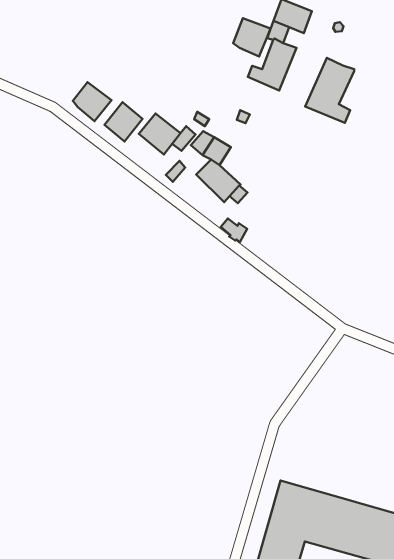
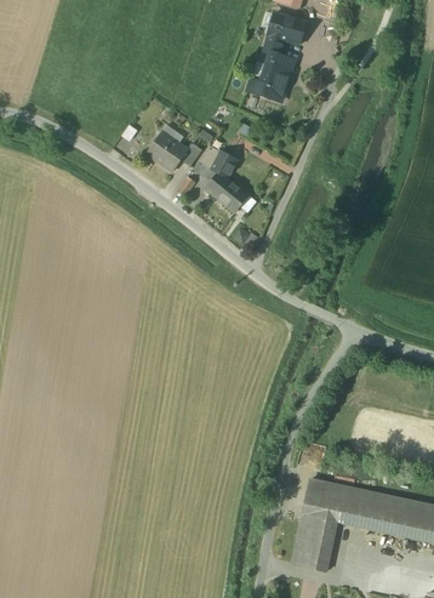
building: [233,18,271,56] -> none
building: [305,58,354,123] -> none
building: [73,82,111,121] -> none

